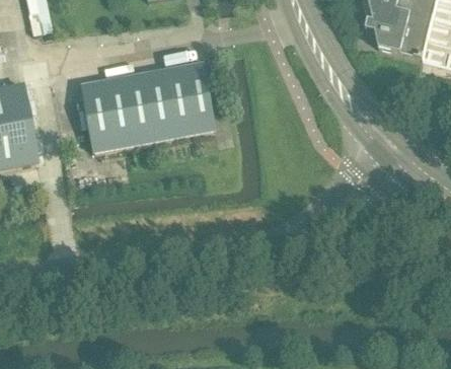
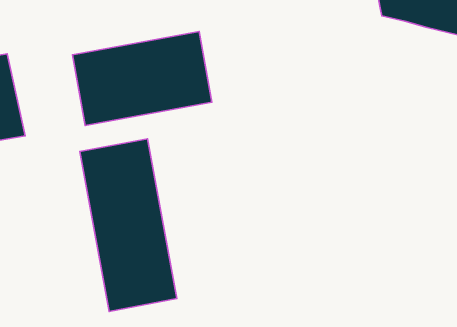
building: none -> [80,139,177,311]

